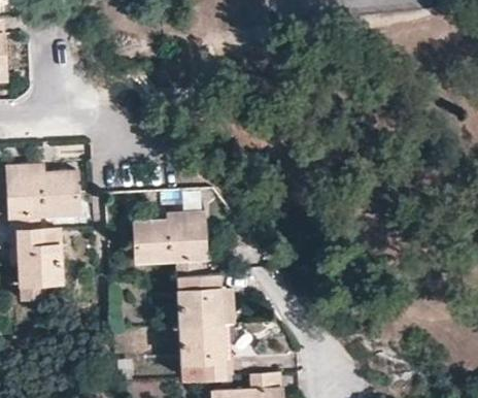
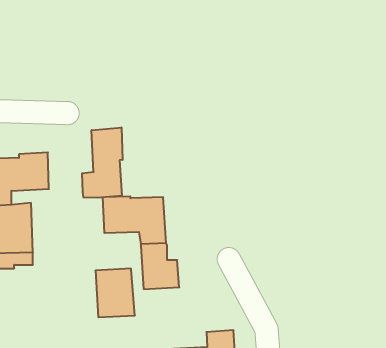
building: none -> [82,127,123,198]
building: [182,322,226,375] -> [95,269,135,317]

